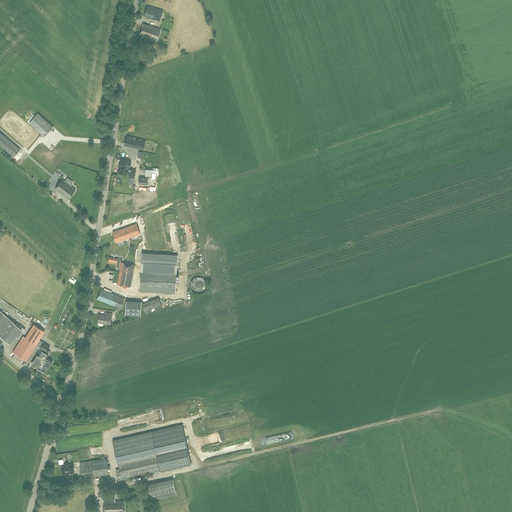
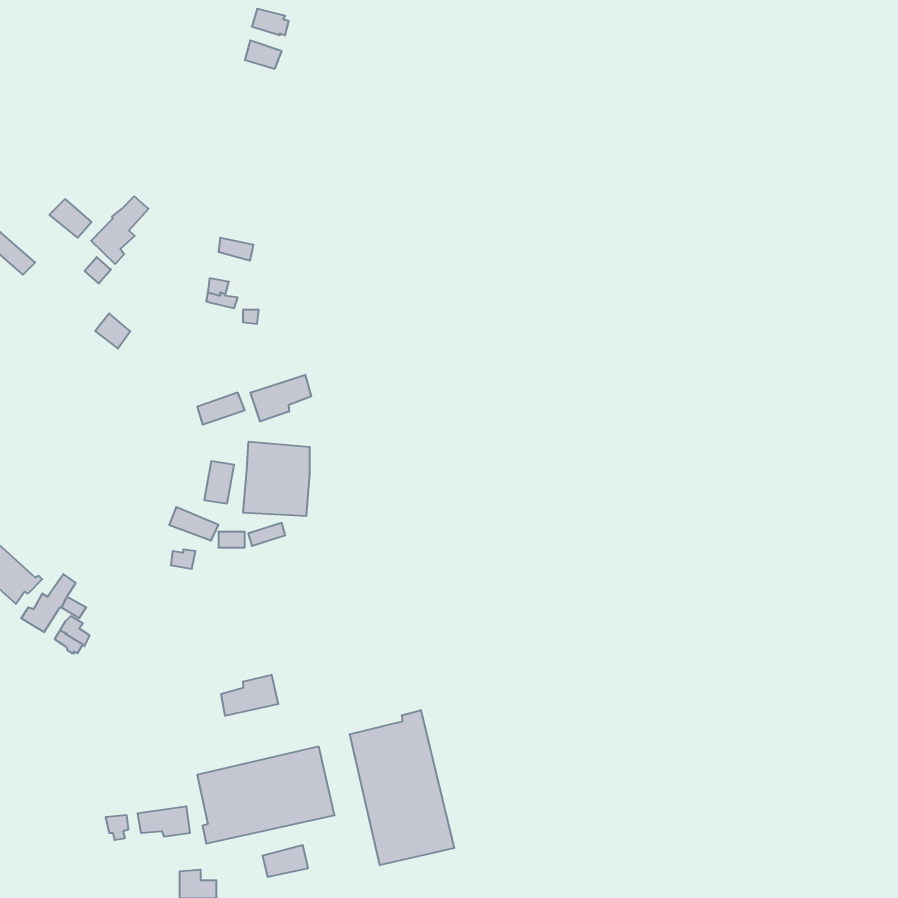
building: none -> [91,196,149,264]
building: none -> [250,375,311,421]
building: none -> [221,675,278,716]
building: none -> [350,710,454,865]

